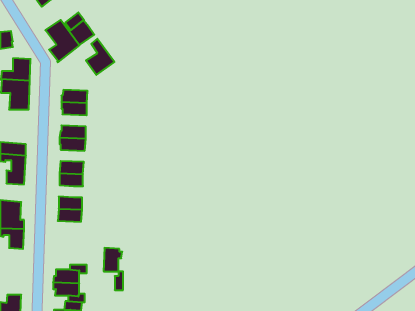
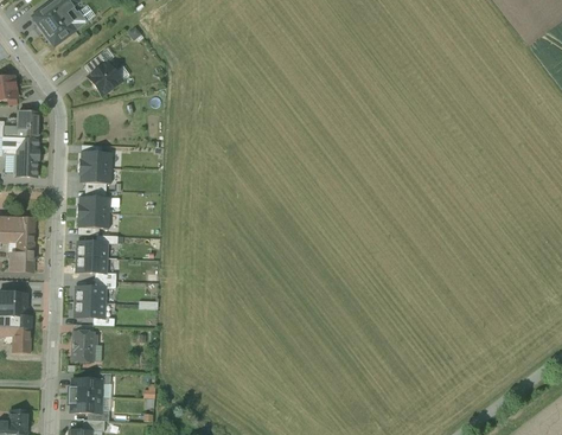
building: [45,20,79,62] -> none
building: [86,39,114,75] -> none
building: [104,248,122,271] -> [72,331,96,360]

